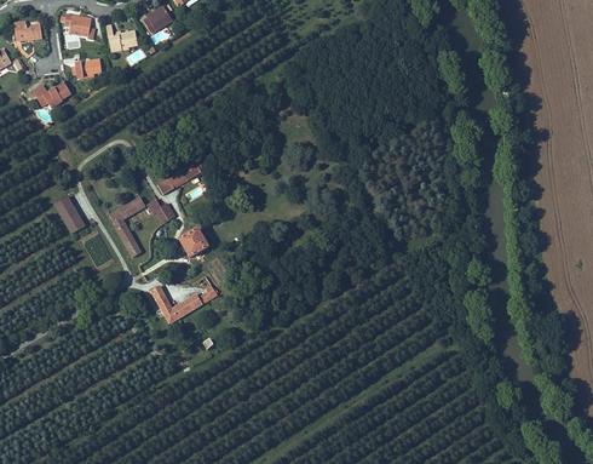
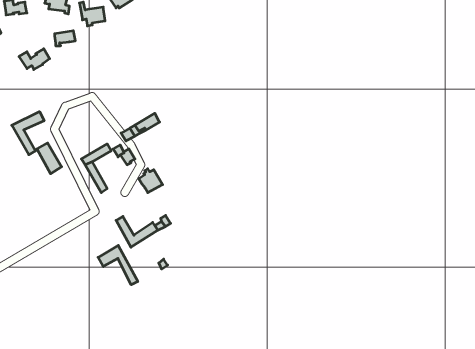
building: none -> [12,112,44,155]
building: none -> [98,245,138,285]

